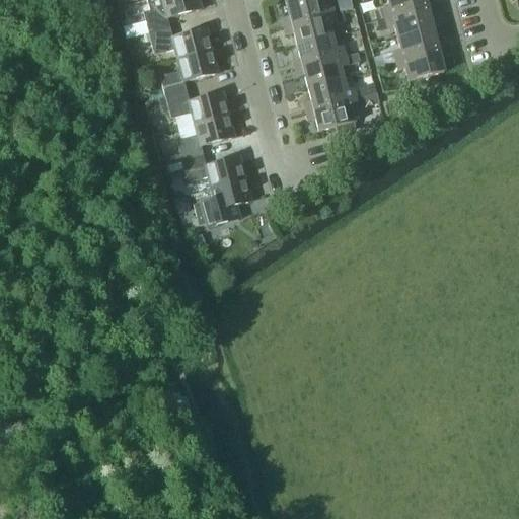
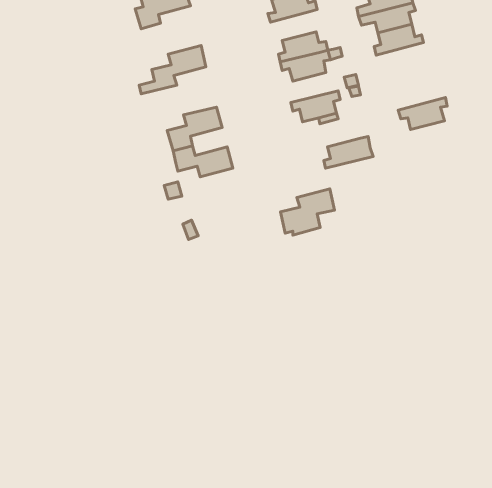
building: [286,10,338,43] -> none
building: [150,24,213,57] -> none
building: [396,45,448,78] -> [398,97,447,129]
building: [305,74,357,107] -> [324,136,373,168]
building: [150,89,229,121] -> none
building: [195,176,251,225] -> [280,189,335,235]

